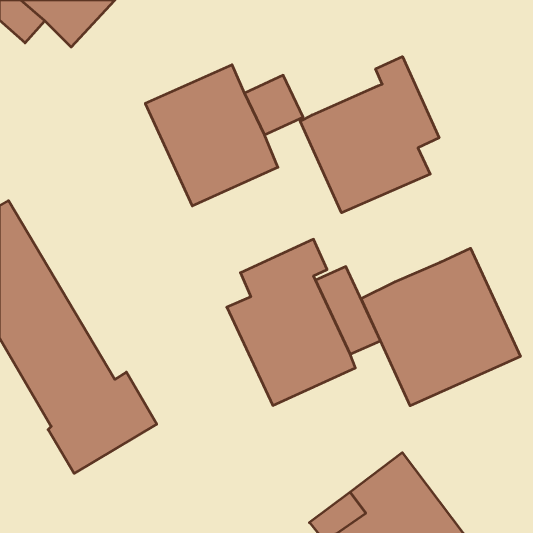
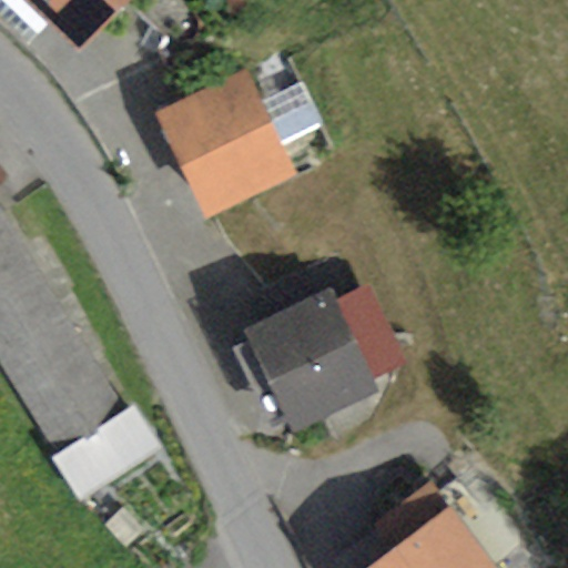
building: [300,57,439,213] -> none
building: [361,248,520,406] -> none

